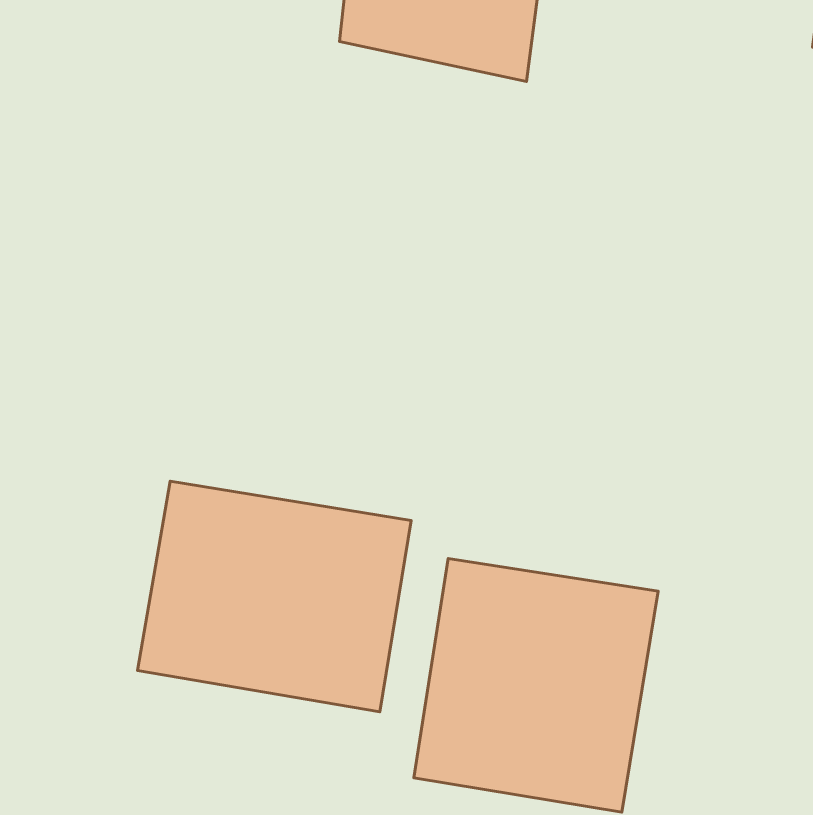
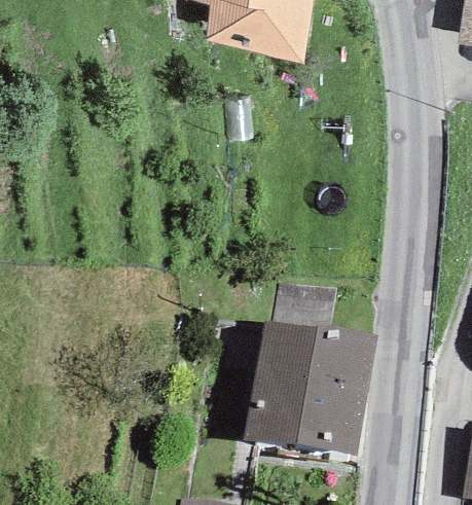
building: [137,481,411,712] -> none

